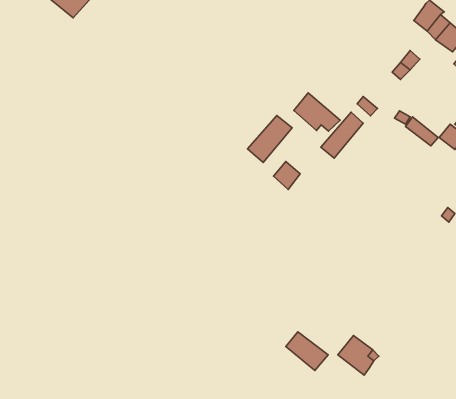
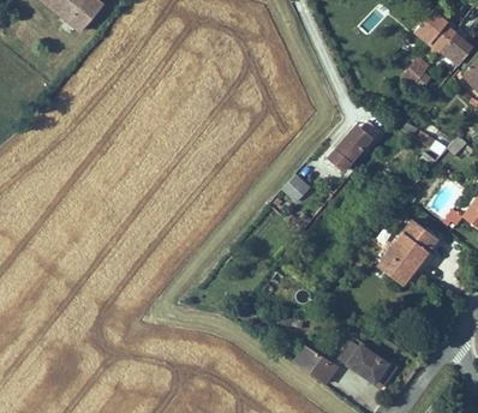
building: [294,93,340,131] -> none
building: [247,115,292,163] -> none
building: none -> [381,227,441,291]

